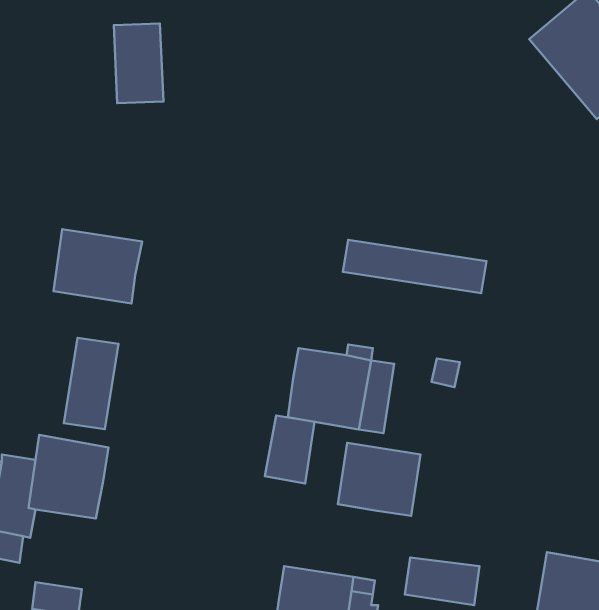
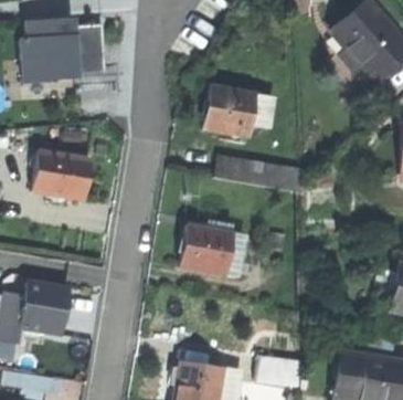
building: none -> [17,19,75,76]
building: none -> [203,86,271,136]
building: [64,338,118,429] -> none
building: [265,415,315,483] -> none
building: [338,443,421,516] -> none

